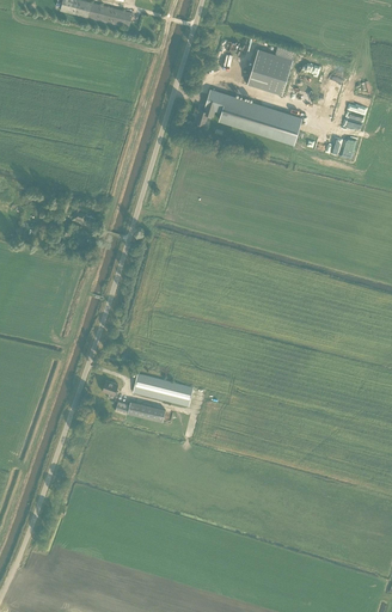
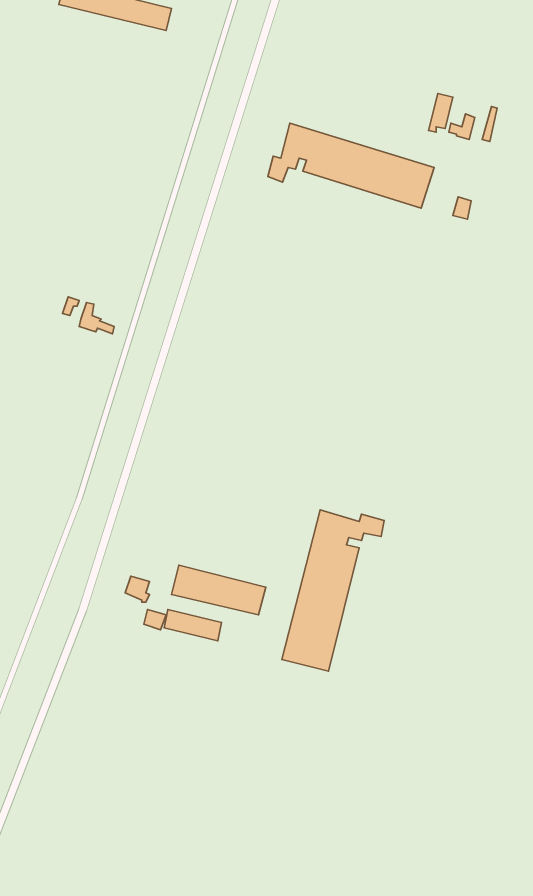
building: [247,49,293,94] -> none
building: none -> [282,510,384,671]

